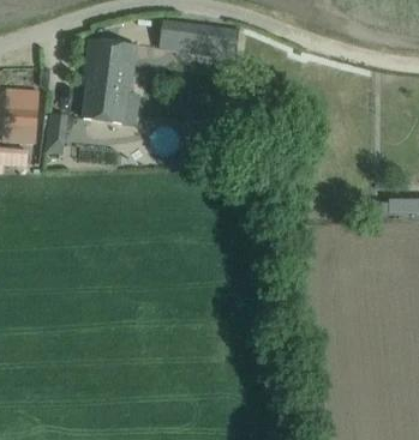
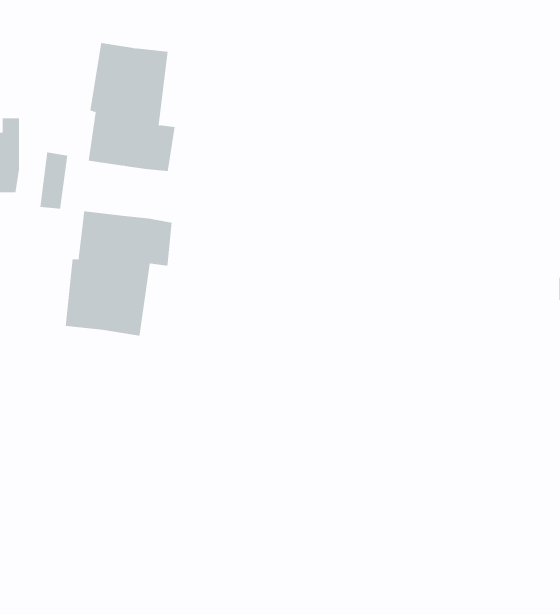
building: [158,20,239,58] -> none
building: none -> [65,211,172,336]

